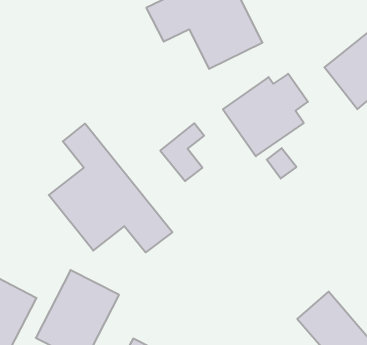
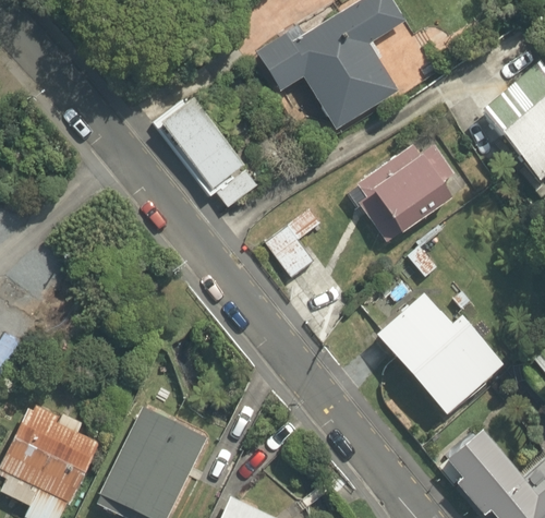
building: none -> [152,86,262,215]
building: [49,124,172,252] -> none
building: none -> [364,294,497,418]

